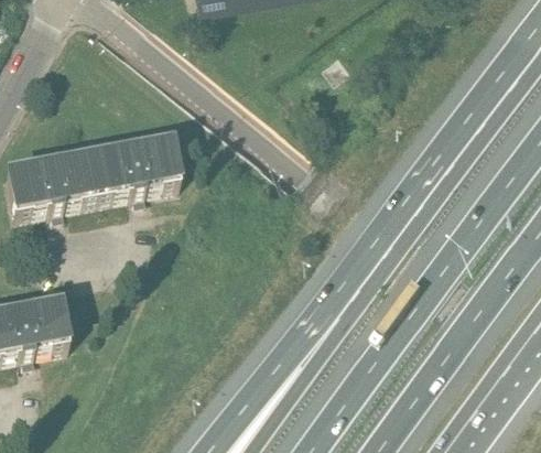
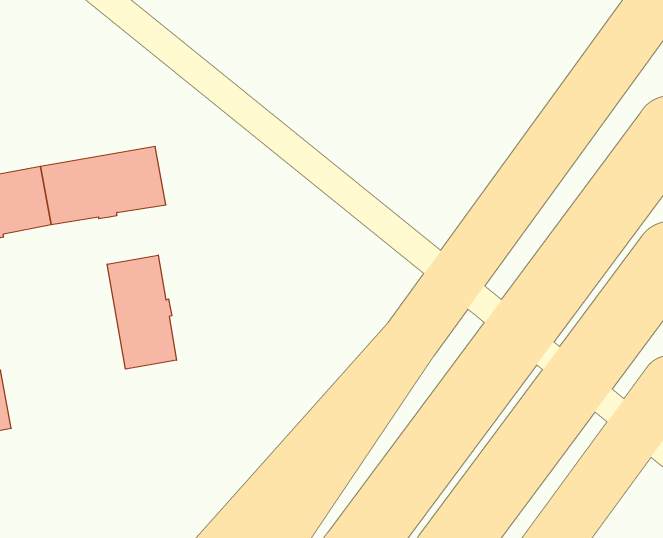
building: none -> [107,255,176,369]

